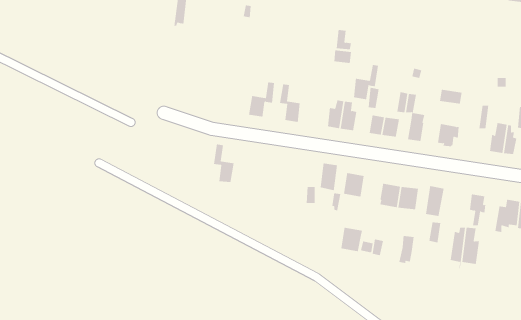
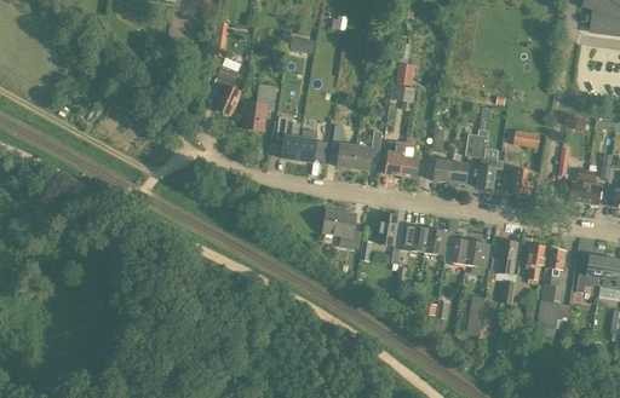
building: none -> [216,60,241,115]
building: none -> [242,85,277,131]
building: [353,64,379,100] -> [354,131,383,171]
building: [213,144,234,182] -> [276,116,300,160]
building: none -> [325,210,362,249]
building: none -> [526,244,549,284]
building: [340,227,363,252] -> [425,229,450,256]

